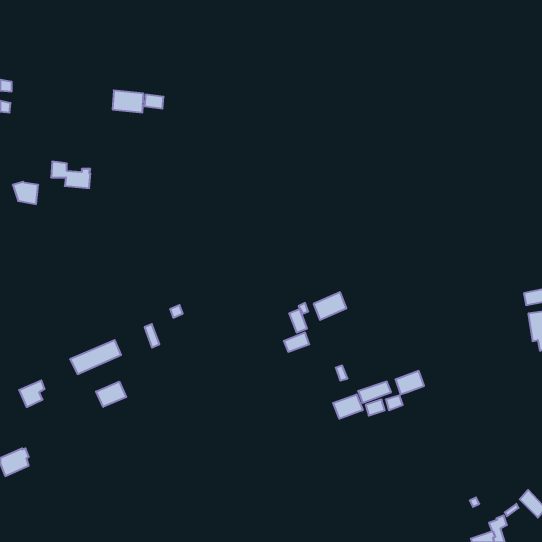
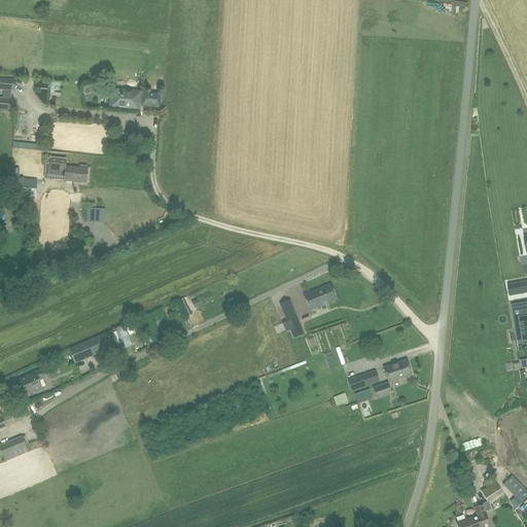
building: [96,382,126,407] -> none
building: [333,394,363,419] -> none

